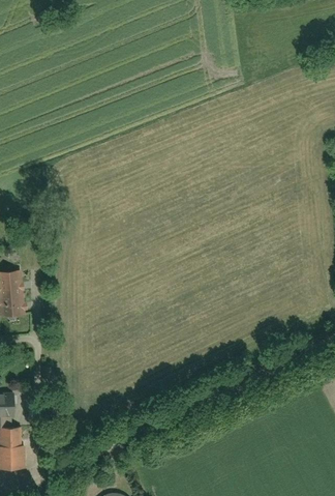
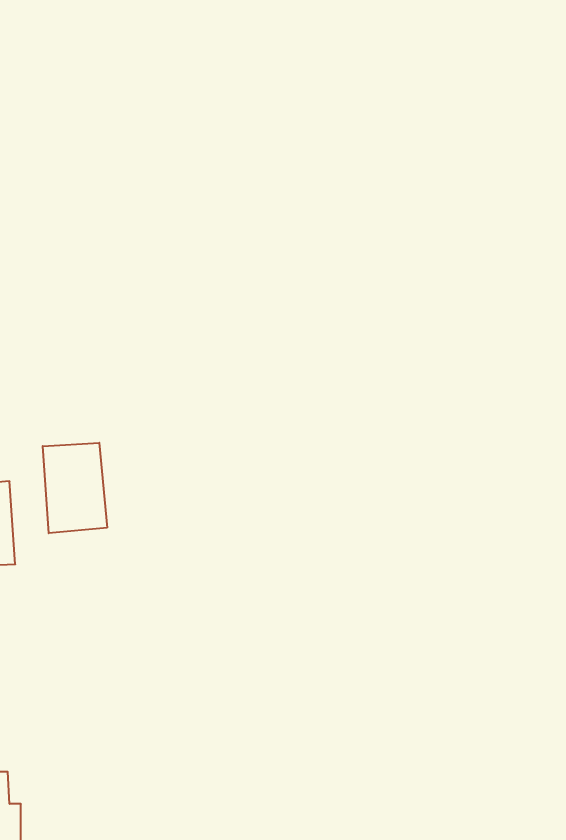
building: none -> [43,443,107,533]

